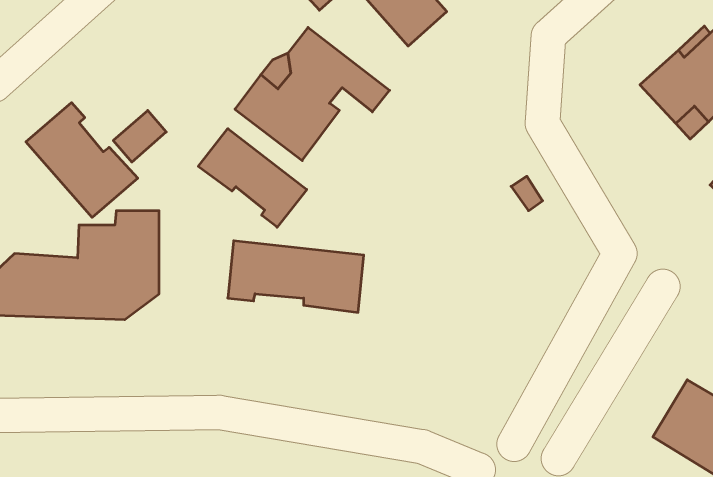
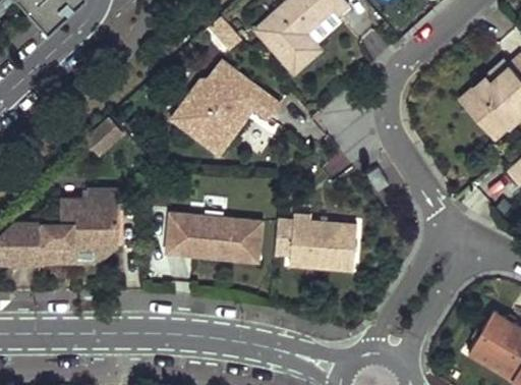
building: [26,103,138,217] -> none
building: [198,129,307,227] -> none
building: none -> [276,216,357,270]

